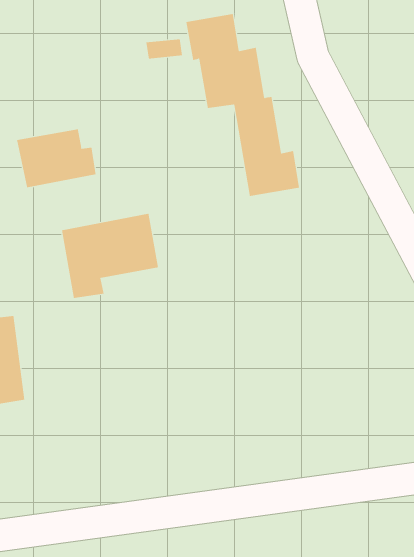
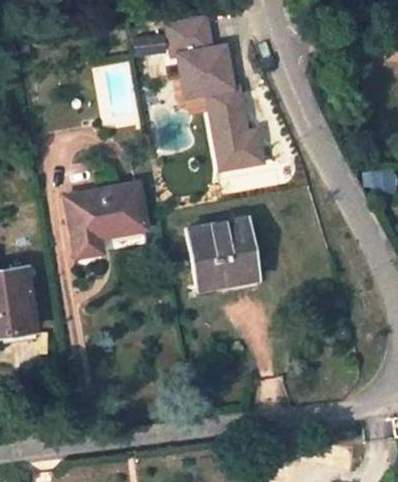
building: [17,129,96,188] -> none
building: none -> [186,218,255,283]

